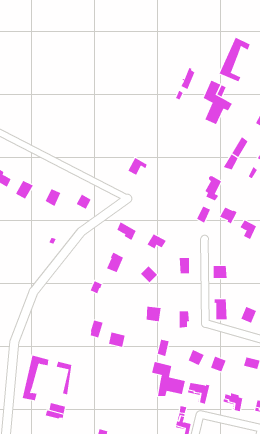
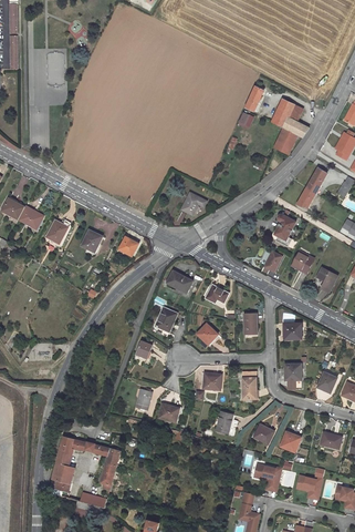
building: [219,37,251,82] -> none
building: [151,361,185,397] -> none

